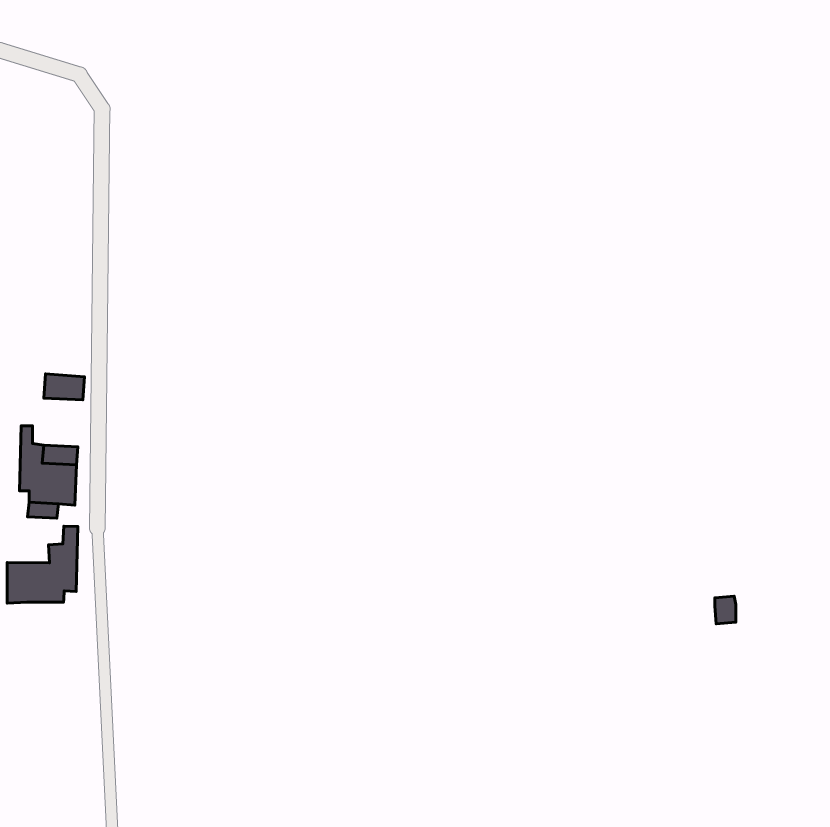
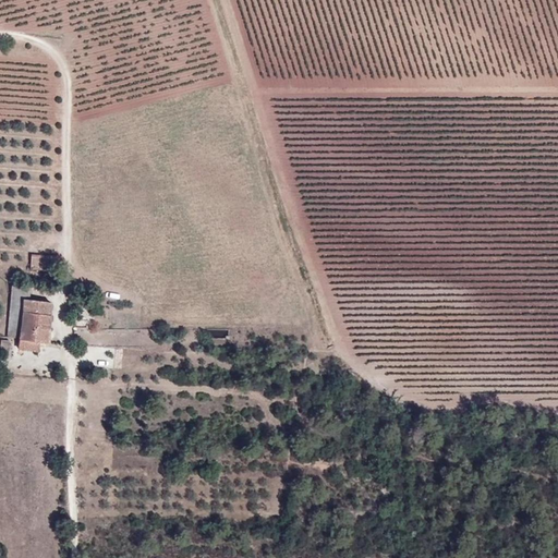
building: [7,526,78,603] -> none

